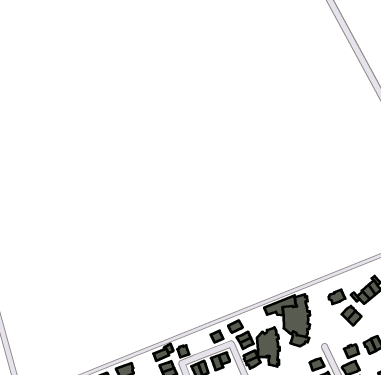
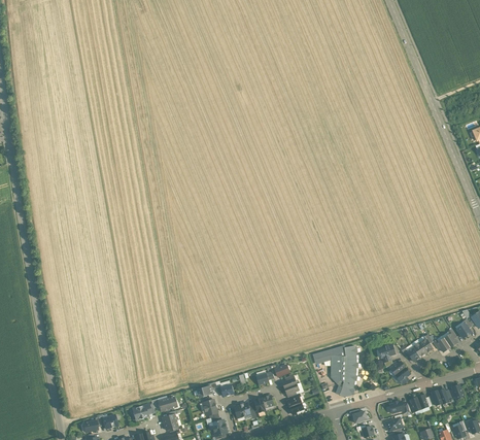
building: [257,327,280,367] -> none

